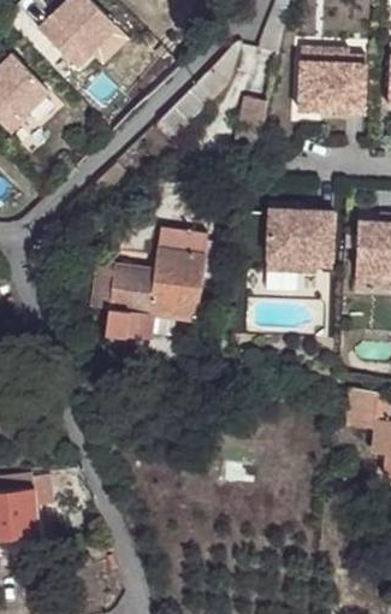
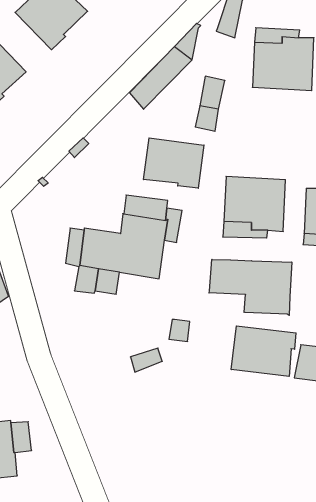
building: none -> [144,138,204,188]
building: none -> [209,259,292,315]
building: none -> [231,326,296,376]

